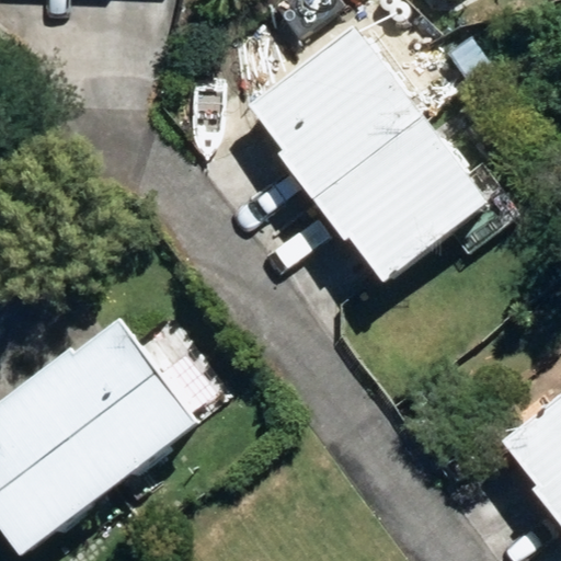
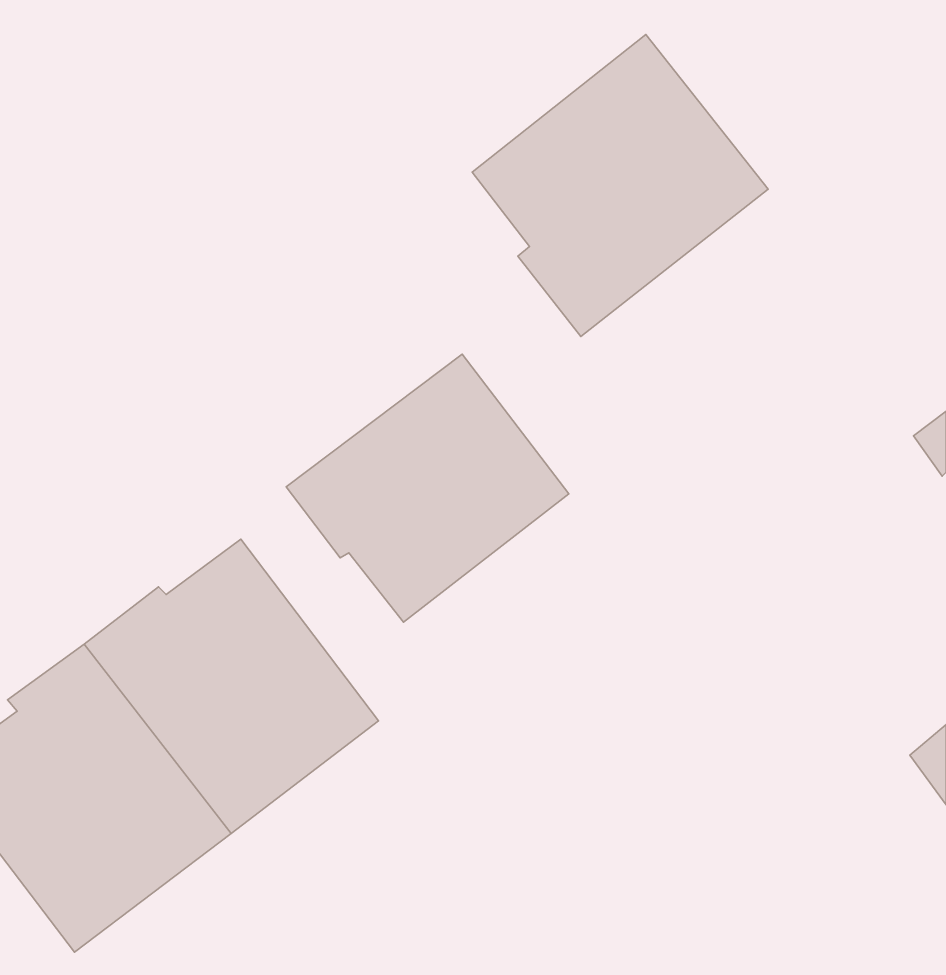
building: [333,110,507,273] -> none
building: none -> [286,354,569,622]

